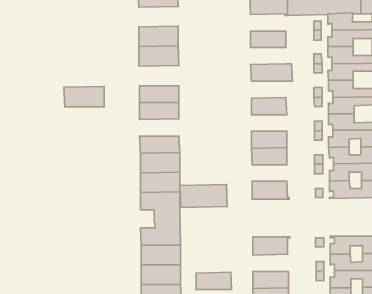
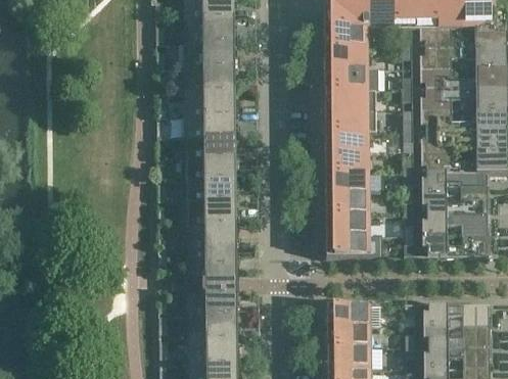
building: none -> [185,15,234,41]
building: none -> [324,25,368,46]
building: none -> [324,66,368,88]
building: none -> [325,108,376,130]
building: [64,86,104,107] -> [185,89,235,114]
building: none -> [325,150,369,171]
building: none -> [186,155,235,177]
building: none -> [326,212,369,233]
building: [180,185,227,208] -> none
building: [196,272,232,289] -> [327,324,371,345]

